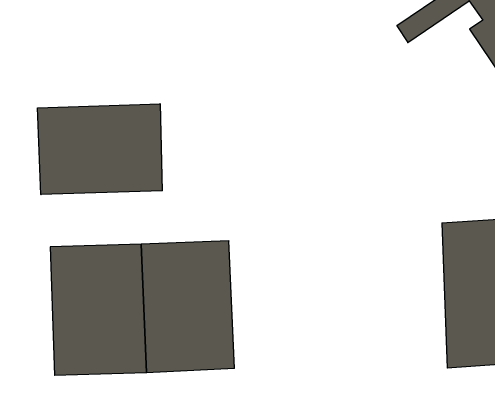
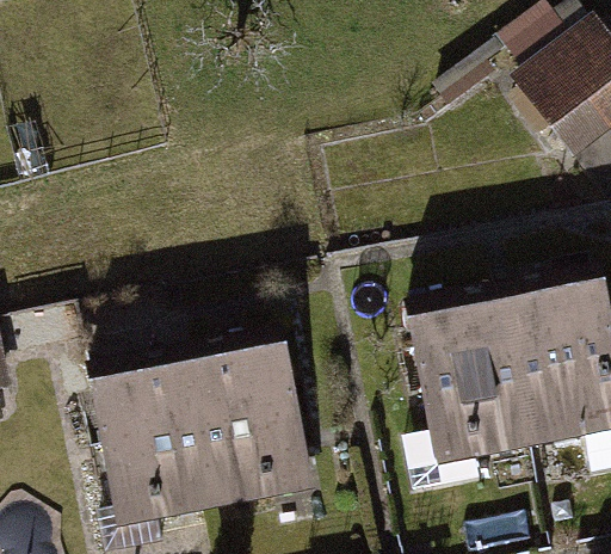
building: [38,104,162,195] -> none
building: none -> [416,295,544,470]

